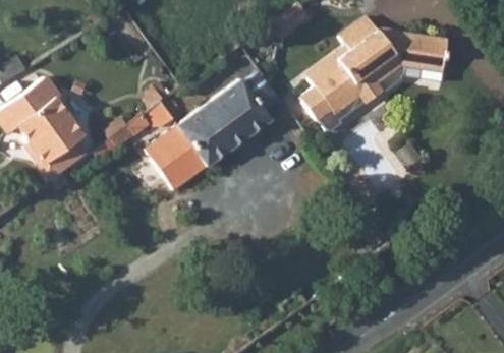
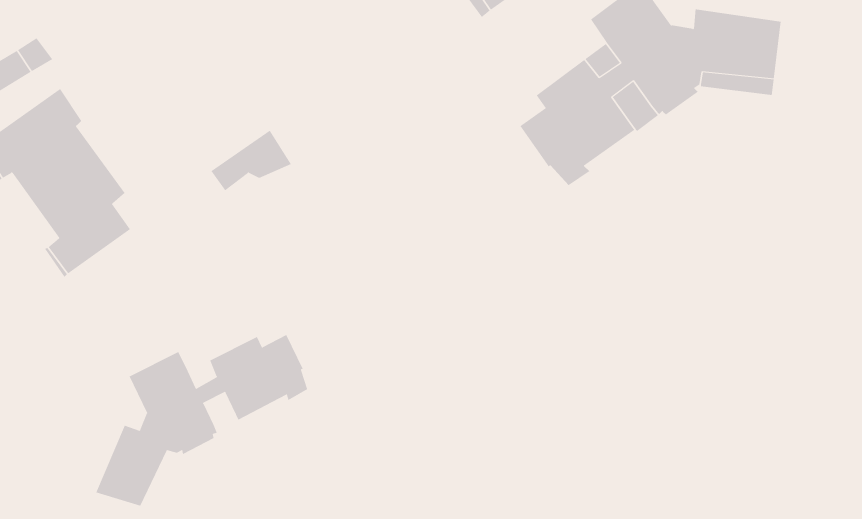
building: [147,78,274,186] -> none
building: none -> [96,334,308,506]

